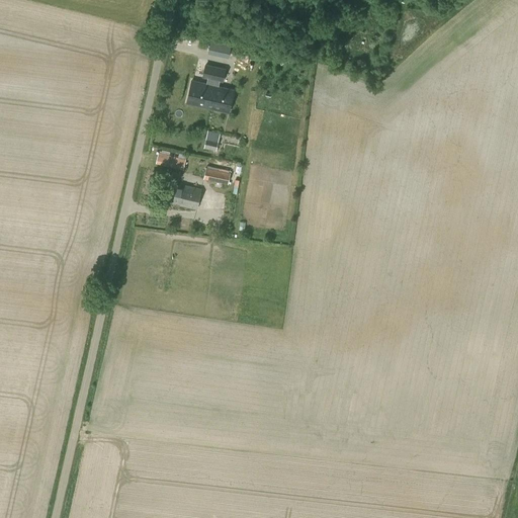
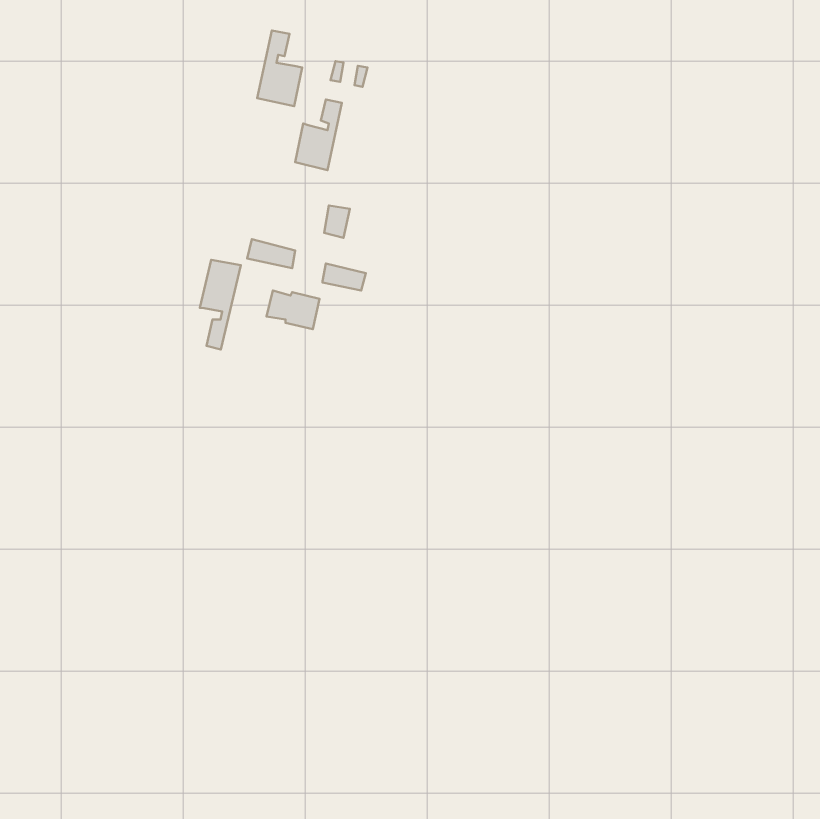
building: [206,65,235,112] -> [257,31,302,106]
building: none -> [200,260,241,350]

